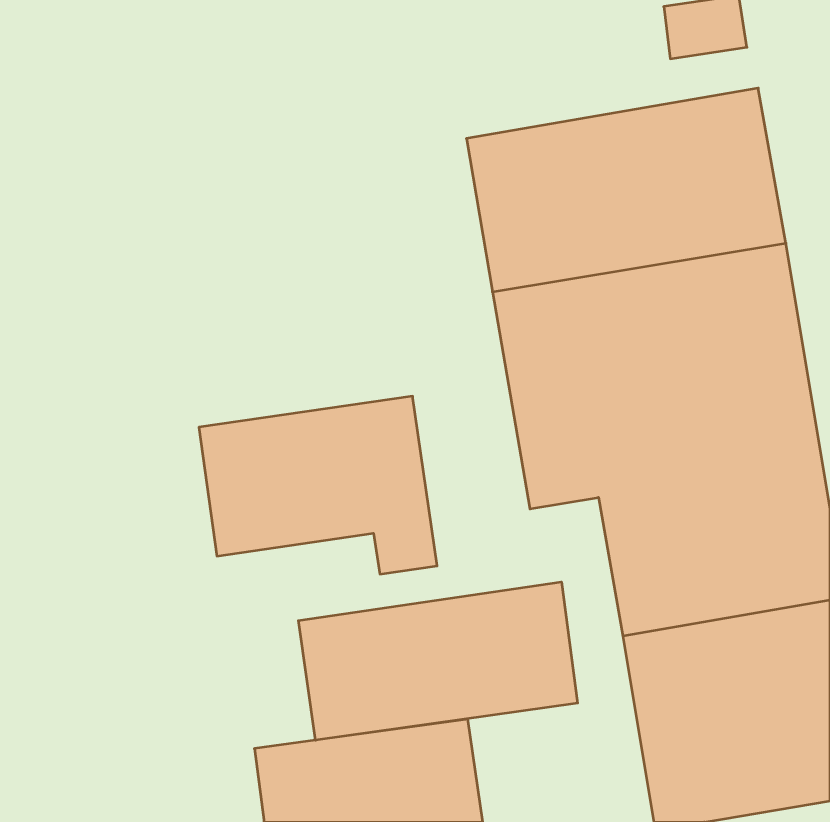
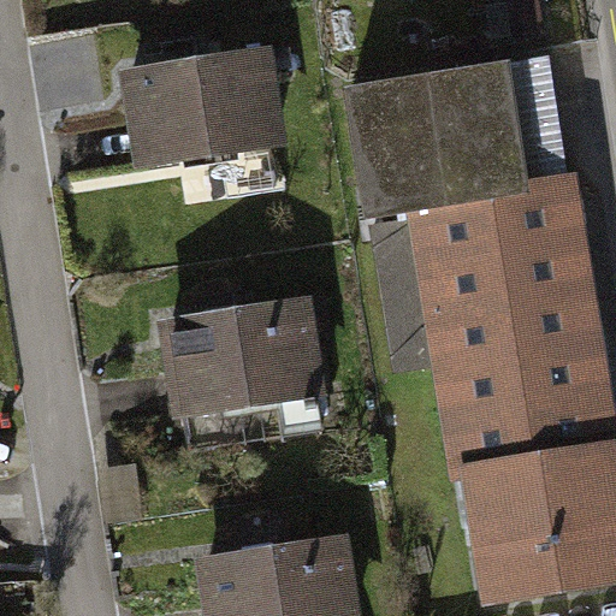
building: none -> [126,46,300,190]
building: [298,582,578,740] -> none

